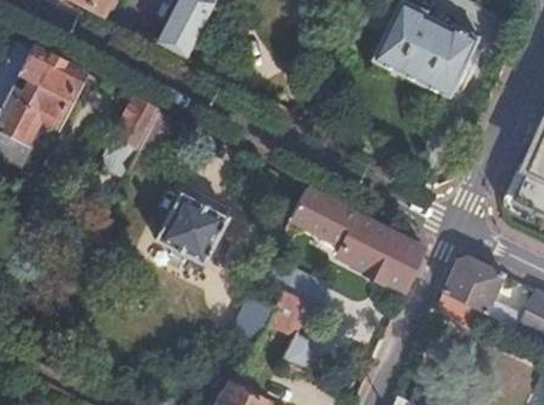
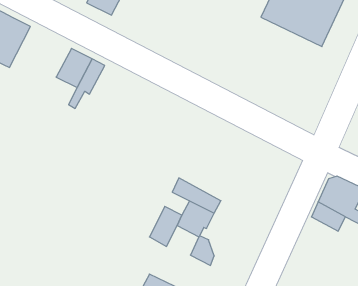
building: [292,187,424,288] -> none
building: [158,192,230,264] -> none

